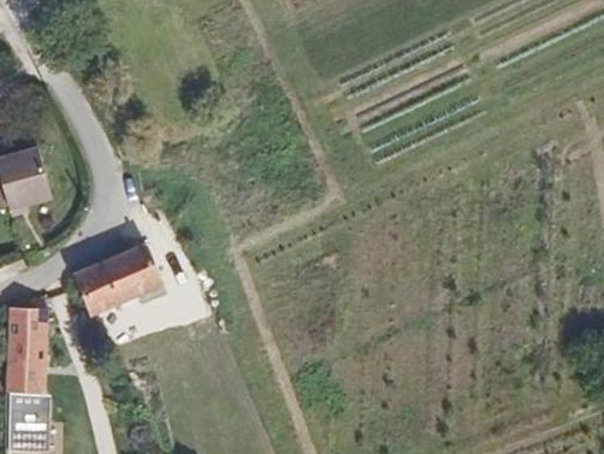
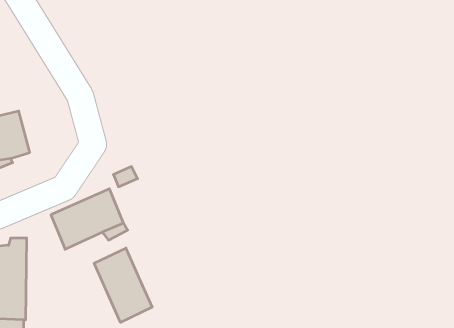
building: none -> [94,248,152,322]

